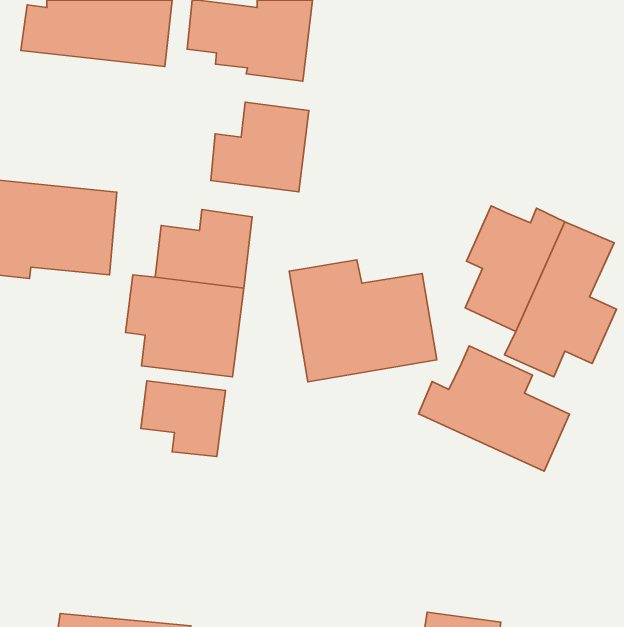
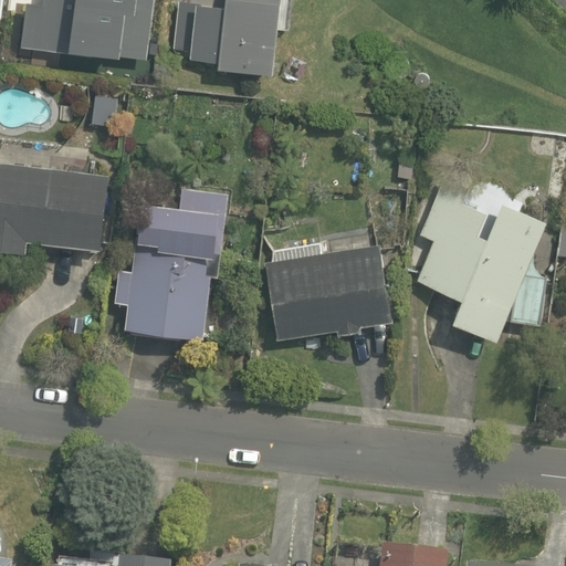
building: [211,102,309,192] -> none
building: [418,346,569,471] -> none
building: [141,381,225,456] -> none

